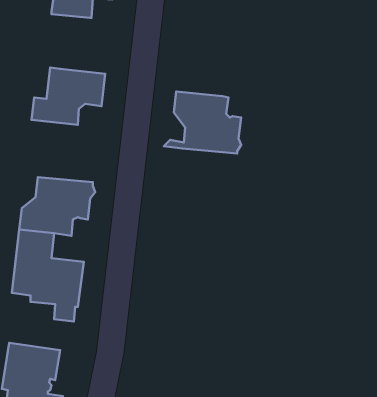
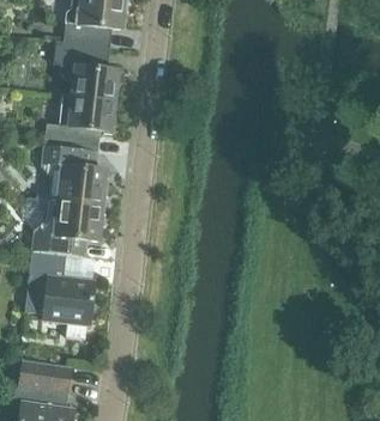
building: none -> [53,41,119,100]
building: [164,91,241,154] -> [32,145,107,205]

